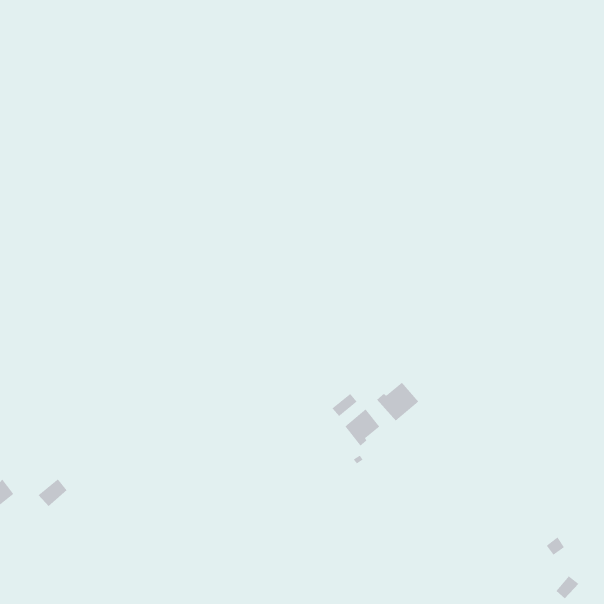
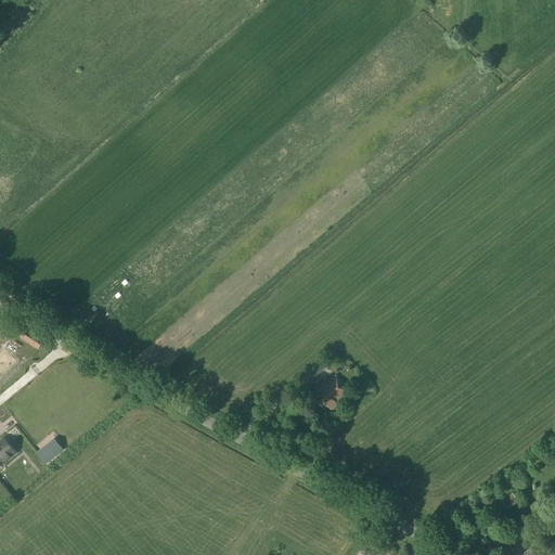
building: [376,382,419,421] -> none

